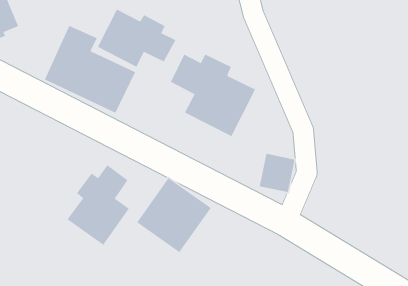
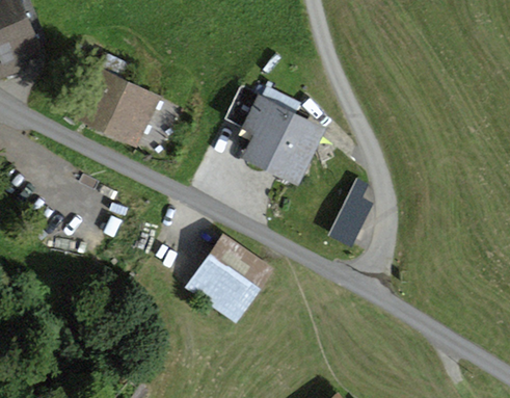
building: [97,8,176,68] -> none
building: [67,164,130,246] -> none

